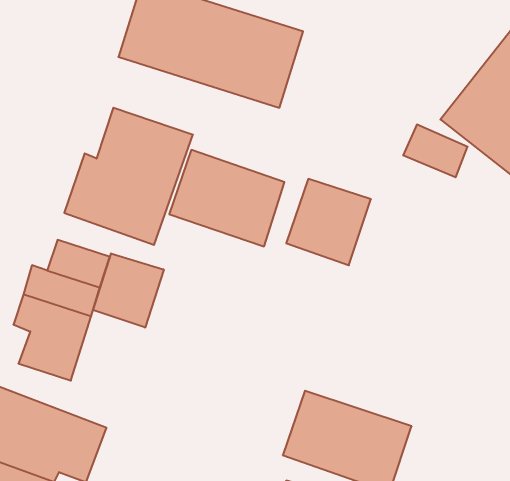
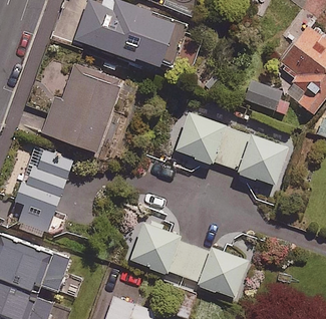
building: [169,150,284,246] -> [219,127,287,185]
building: [93,253,164,328] -> none
building: none -> [129,223,181,274]

